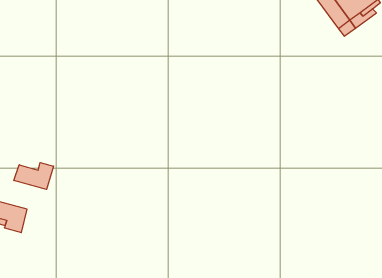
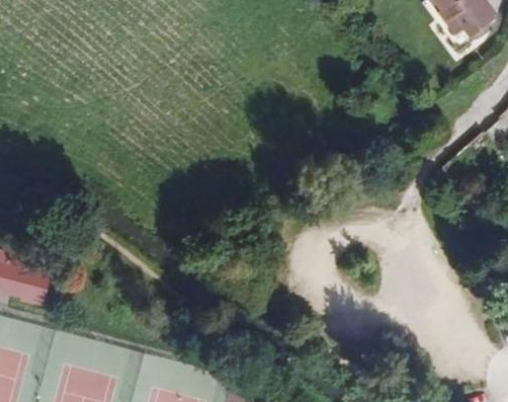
building: [14,163,54,189] -> none

